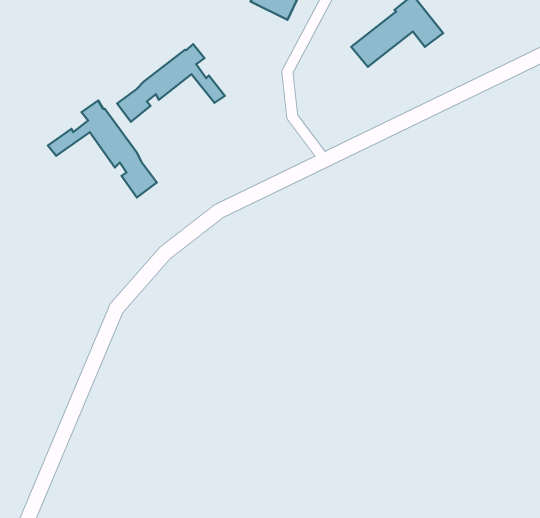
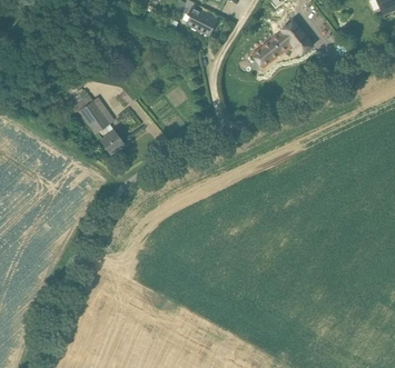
building: [117,44,225,122] -> none

